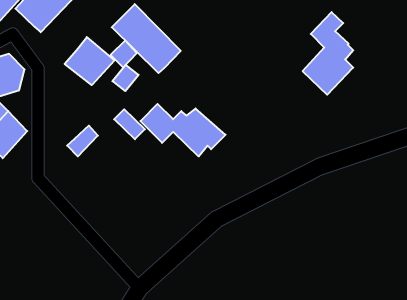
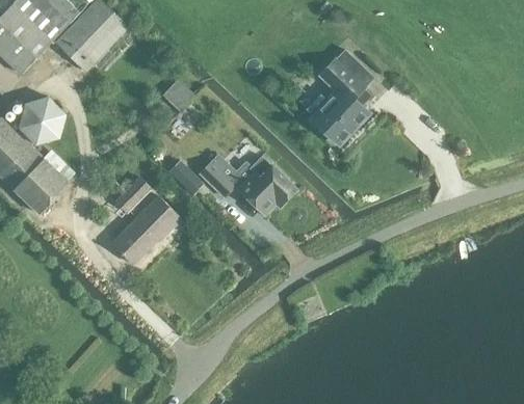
building: [112,4,181,73] -> none
building: [303,12,353,95] -> [310,50,368,144]
building: [65,37,114,85] -> none
building: none -> [115,196,180,260]

